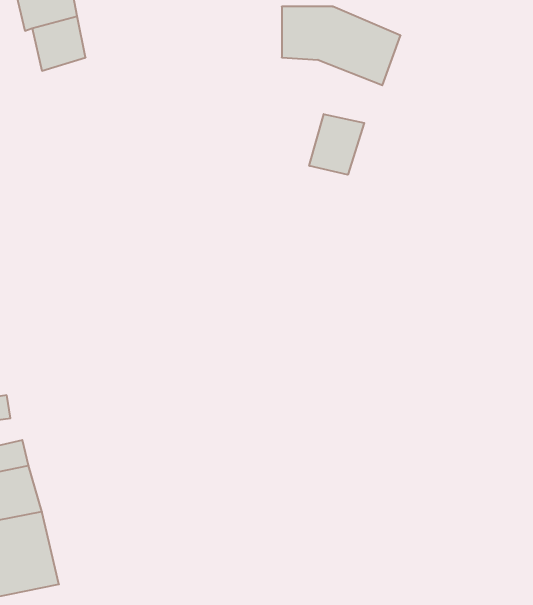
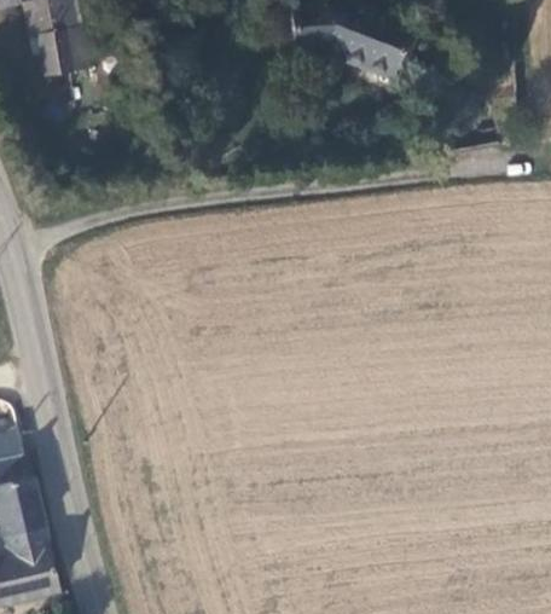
building: [309,114,364,175] -> none

